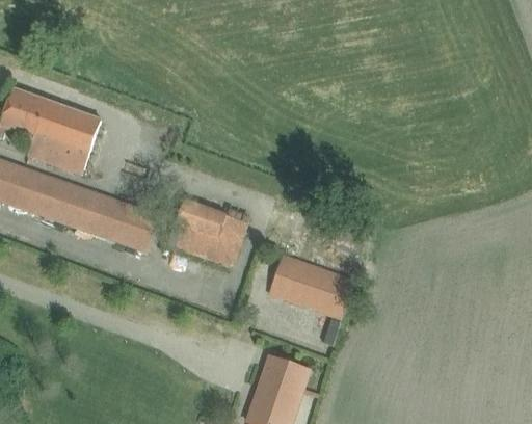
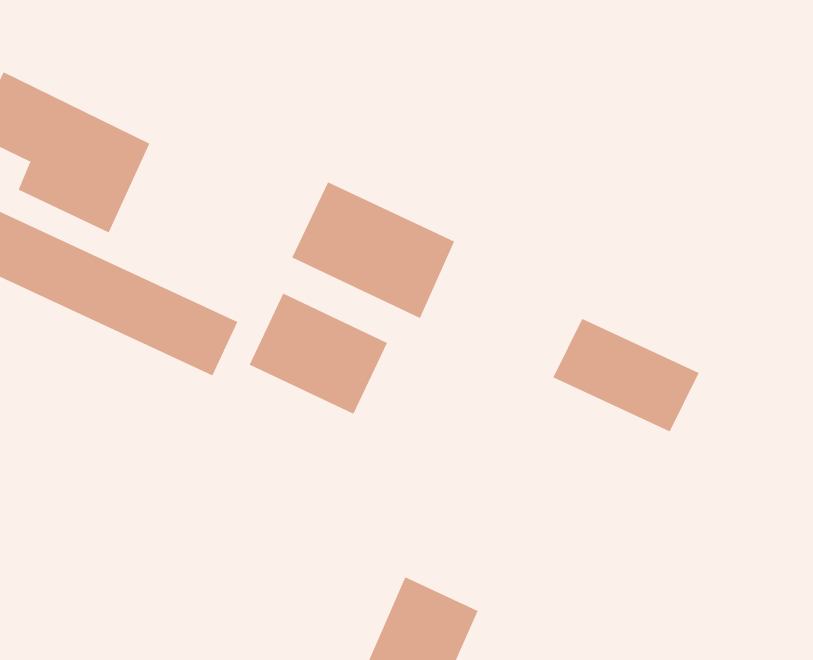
building: none -> [292,182,455,319]
building: [268,256,351,316] -> [553,318,699,432]

